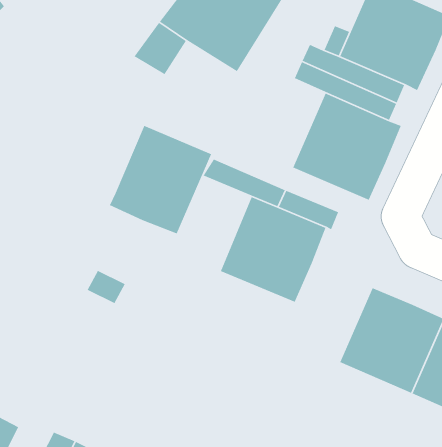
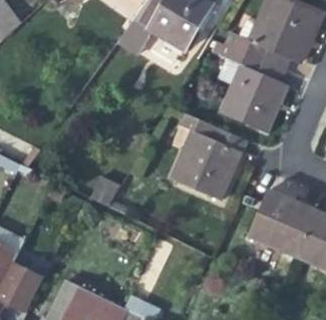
building: [109,125,212,235] -> none

